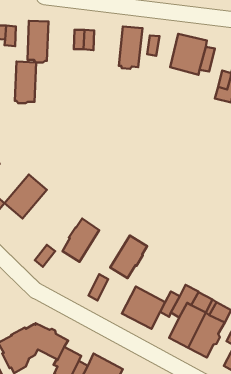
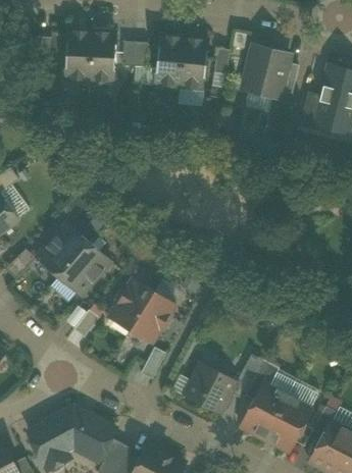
building: none -> [154,36,184,89]
building: [15,62,36,103] -> [89,32,115,84]
building: none -> [58,242,111,297]
building: [110,236,147,278] -> [130,292,175,345]

